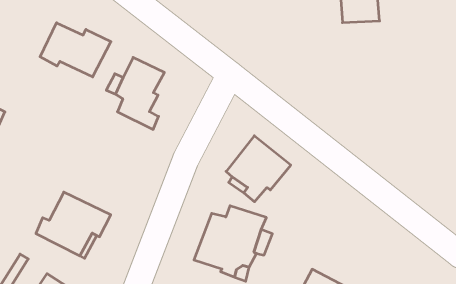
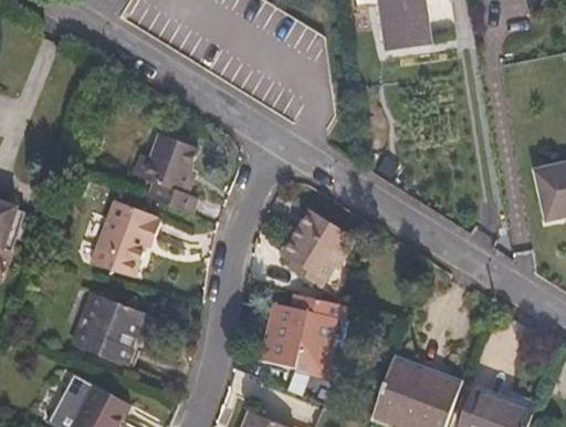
building: [40,23,111,77] -> none
building: none -> [96,200,161,265]

